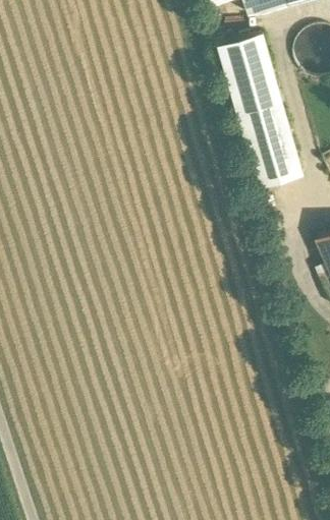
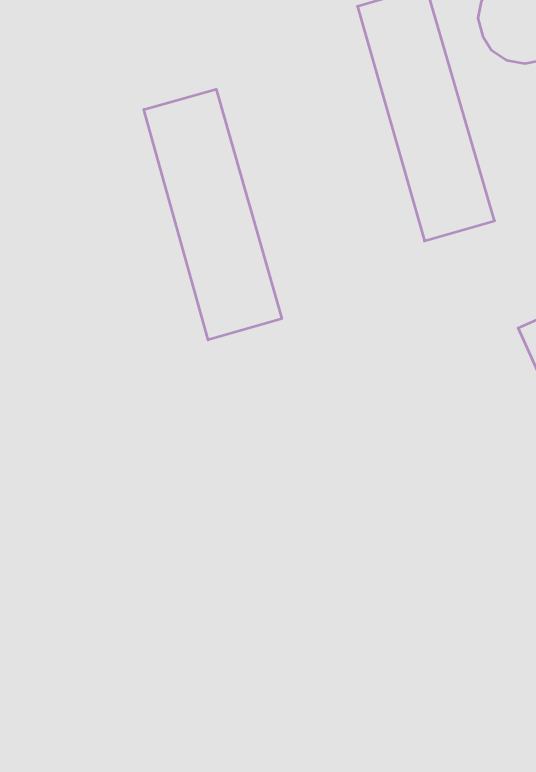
building: none -> [144,89,282,340]

